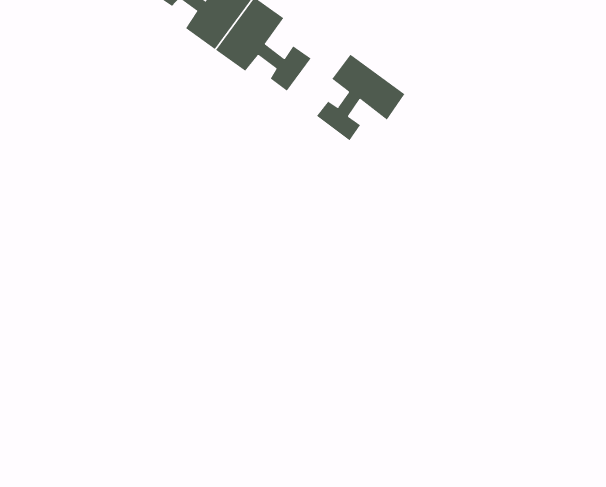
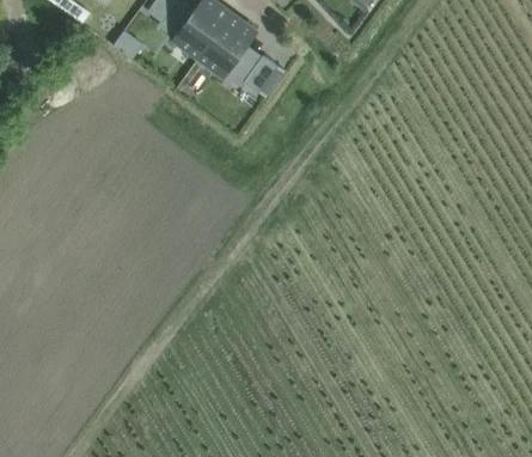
building: [316,54,405,141] -> none

